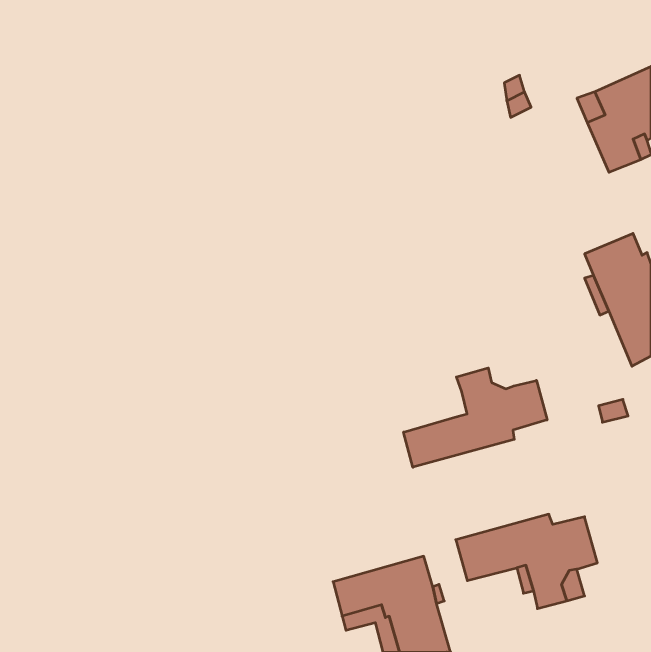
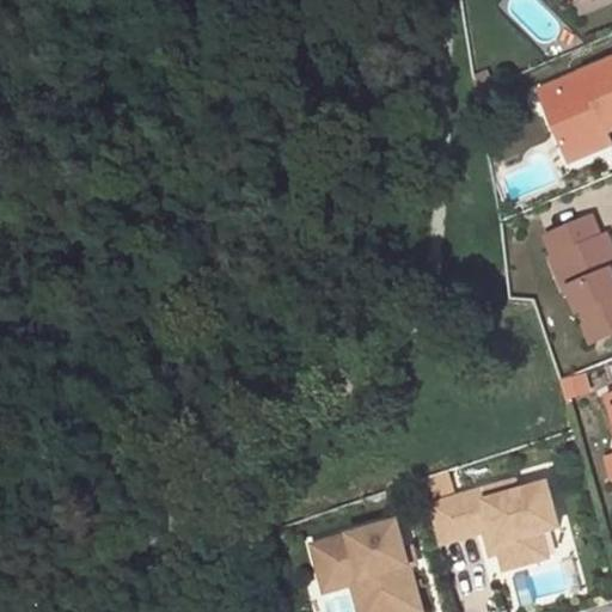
building: [404,368,547,467] -> none

